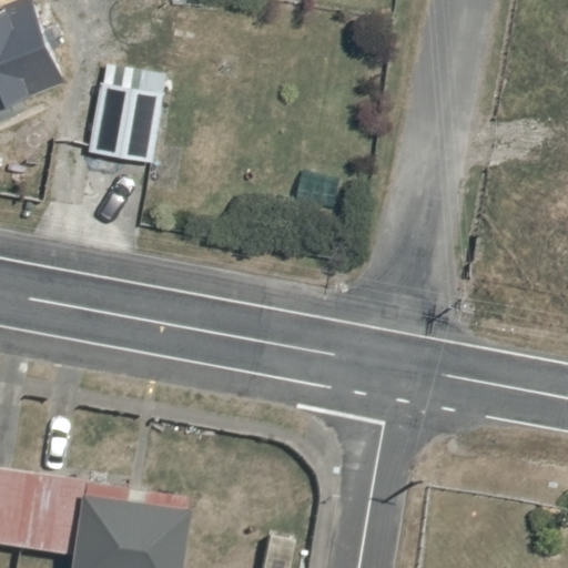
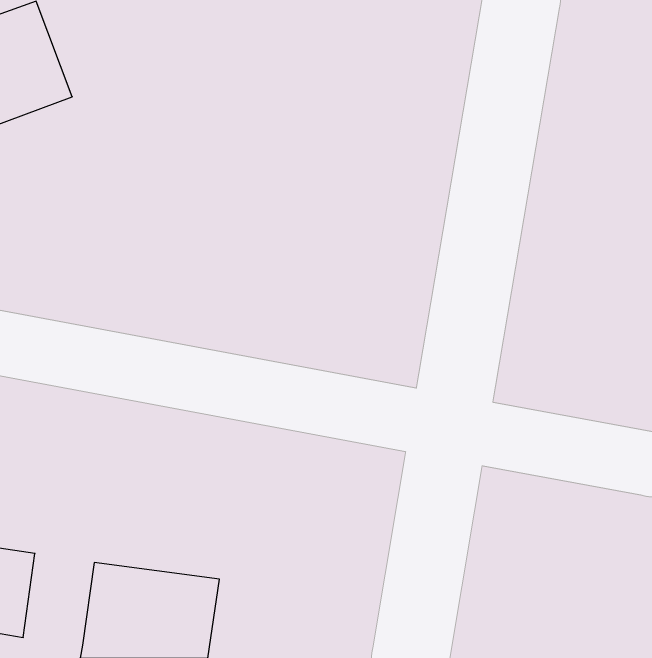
building: [87,84,163,163] -> none
building: [20,476,81,555] -> none

